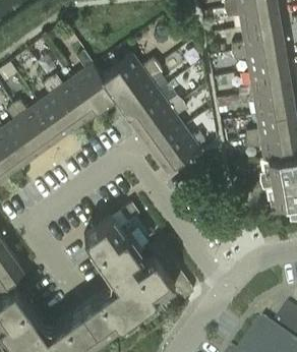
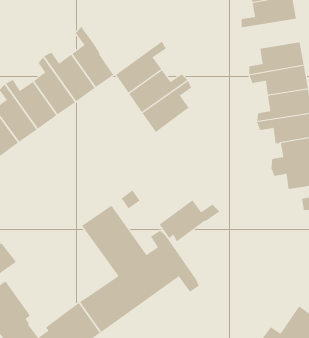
building: [232,44,287,71] -> none
building: [101,54,159,96] -> none
building: [153,126,210,166] -> [159,199,220,242]

